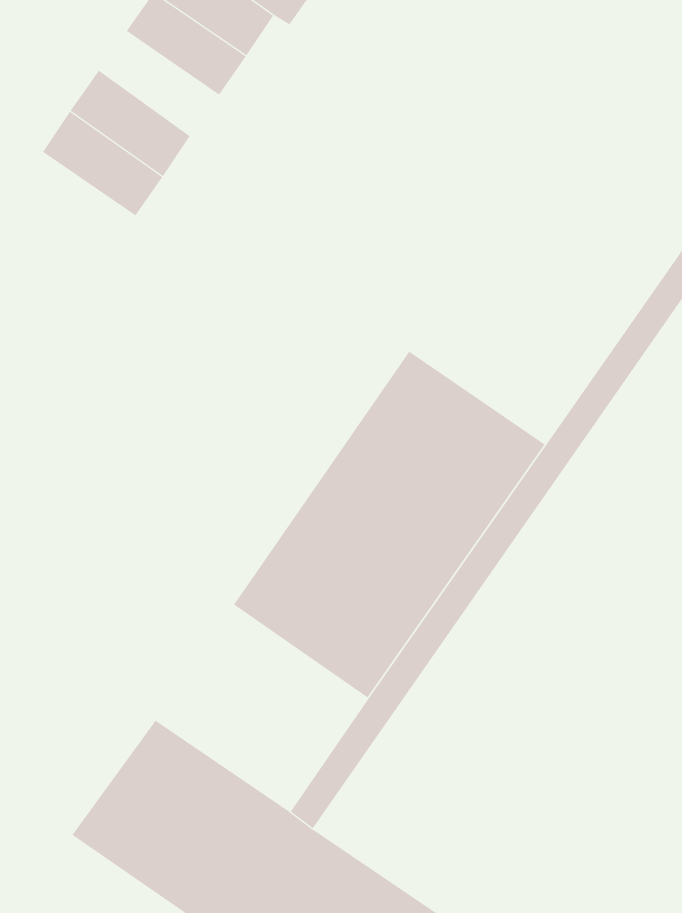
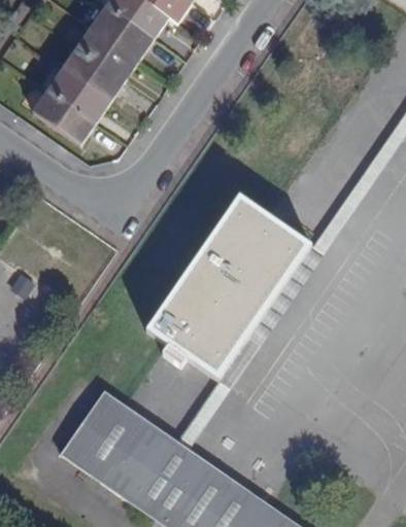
building: none -> [75,28,139,83]
building: none -> [31,92,95,147]

